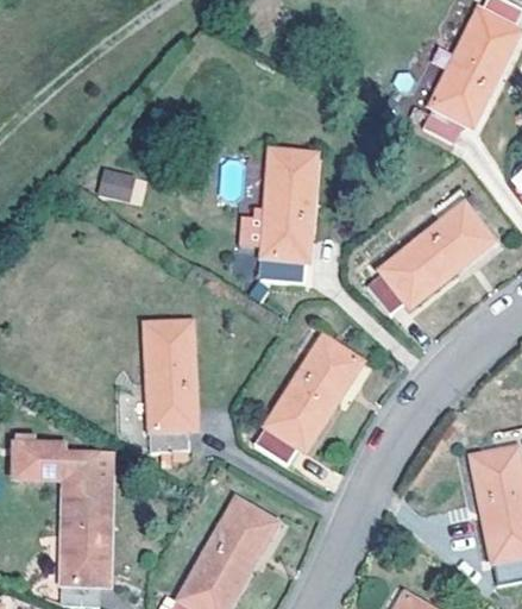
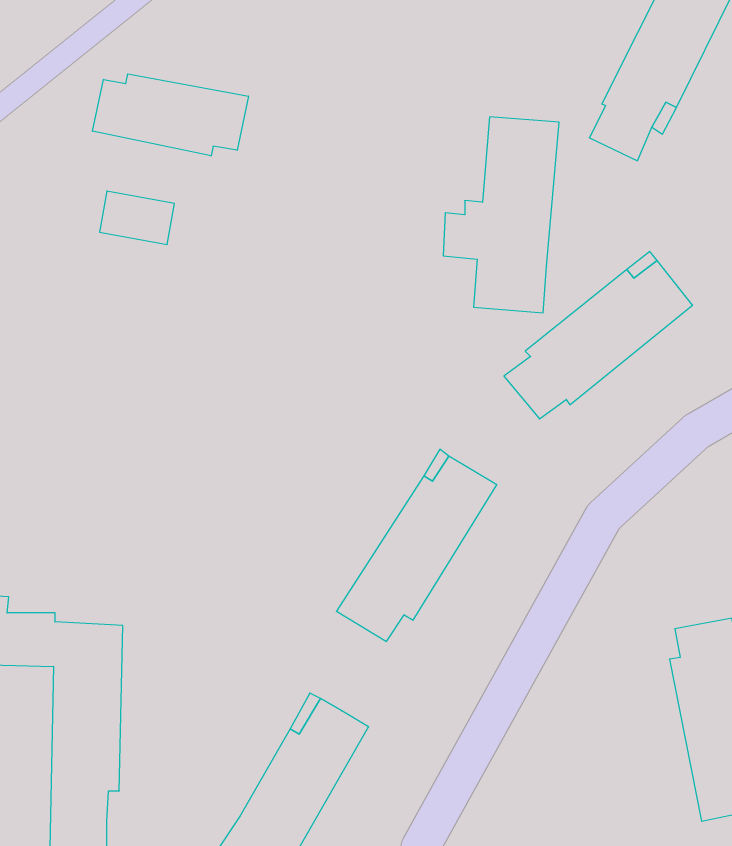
building: none -> [92,74,248,156]
building: [239,150,316,281] -> [443,117,559,313]
building: [146,320,196,450] -> none

